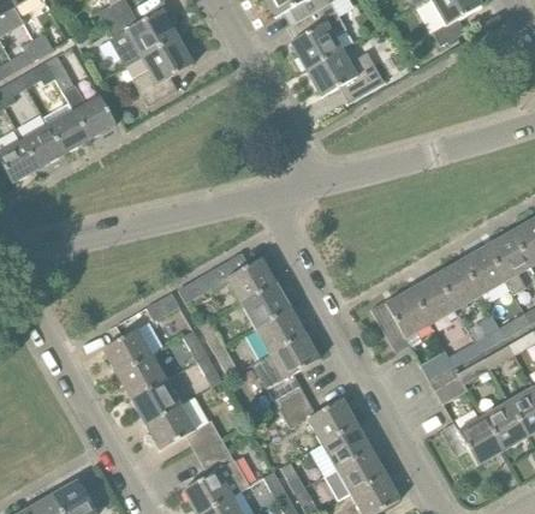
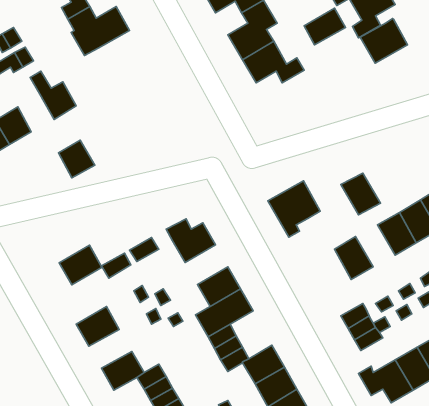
building: none -> [304,8,346,45]
building: none -> [360,18,408,63]
building: [133,36,194,106] -> none
building: [49,109,91,153] -> [58,140,95,178]
building: [438,259,483,307] -> [341,173,381,215]
building: [242,282,291,328] -> none
building: [373,287,433,352] -> [268,181,320,237]
building: [102,328,151,373] -> [59,245,102,285]
building: [131,379,180,424] -> none

